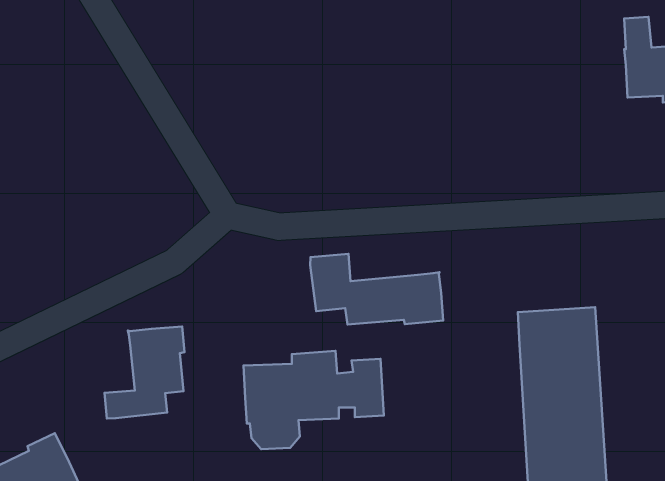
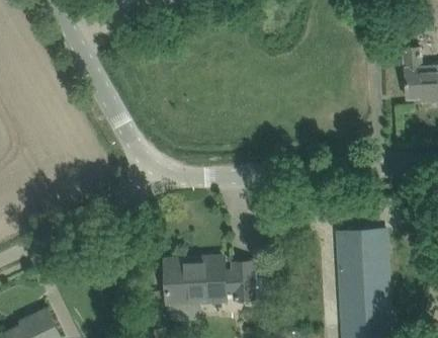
building: [310,254,443,325] -> none
building: [104,327,185,418] -> none

